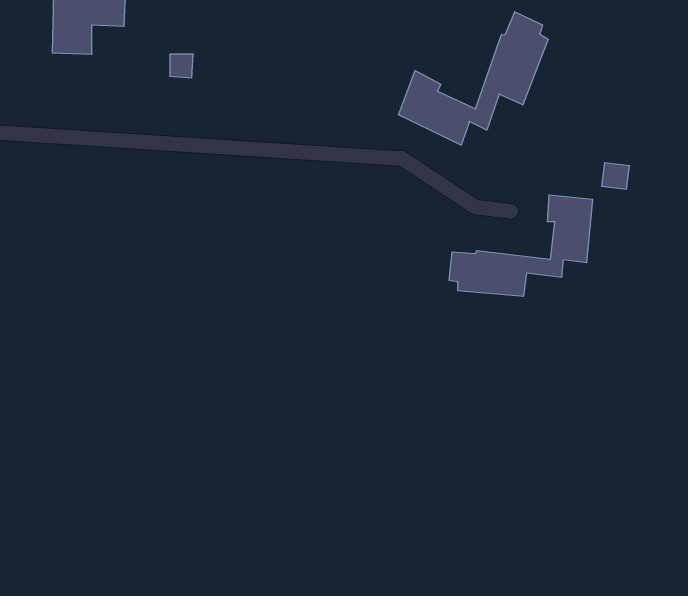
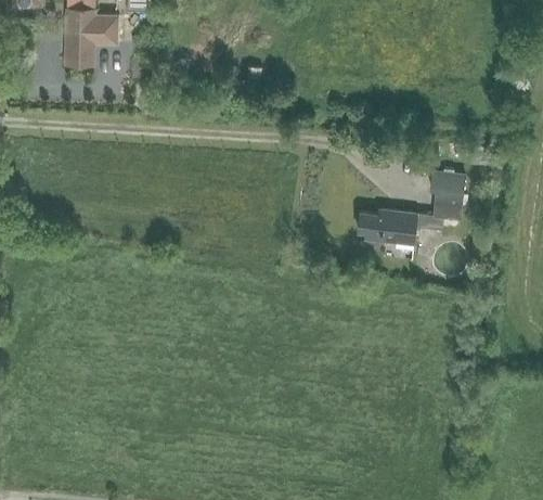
building: [399,12,548,145] -> none

